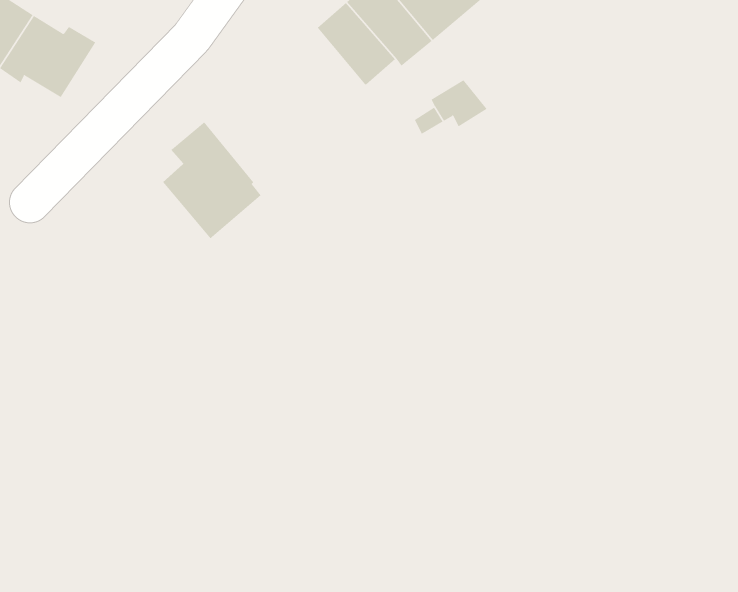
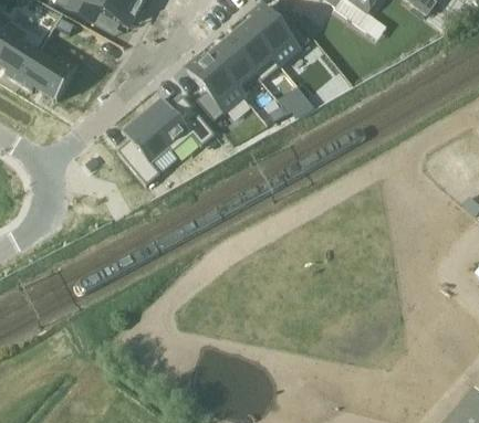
building: none -> [187,56,243,120]
building: none -> [143,95,215,149]

